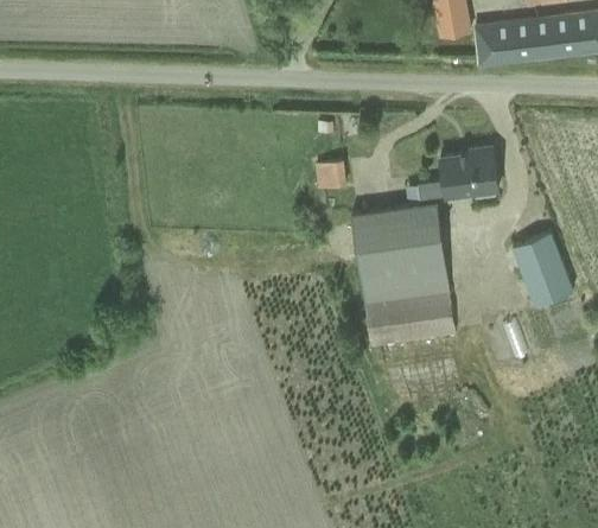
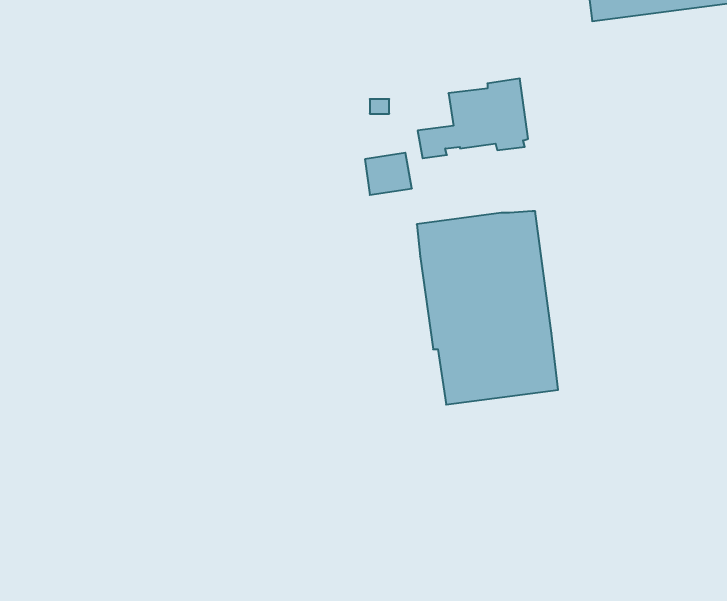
building: [416,147,497,205] -> [418,79,528,158]
building: [511,233,572,305] -> none

